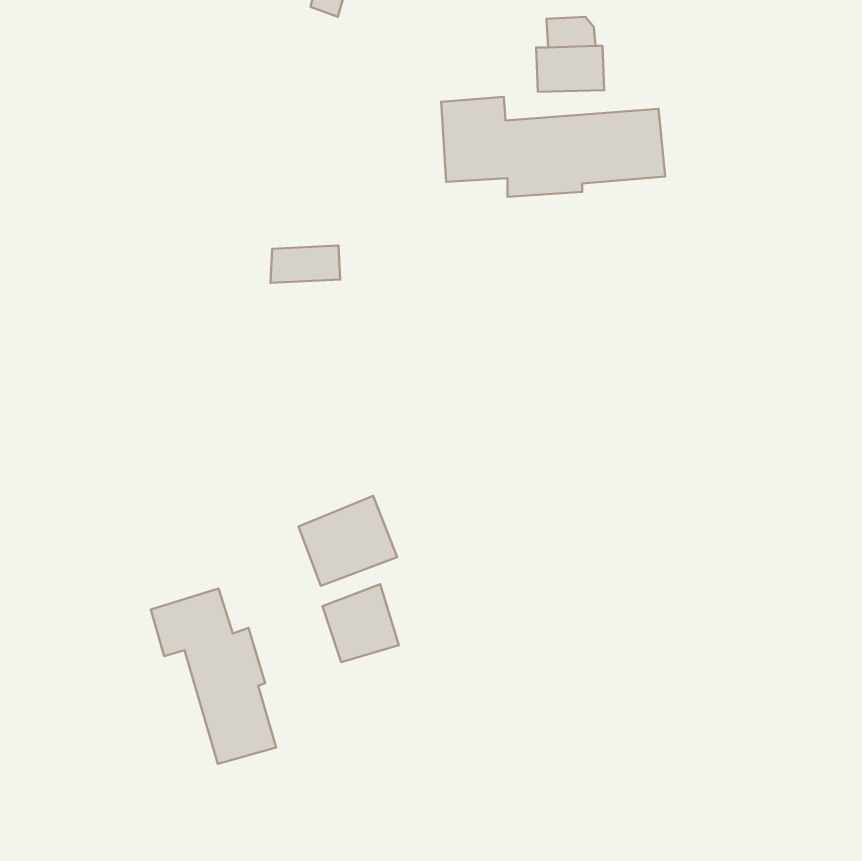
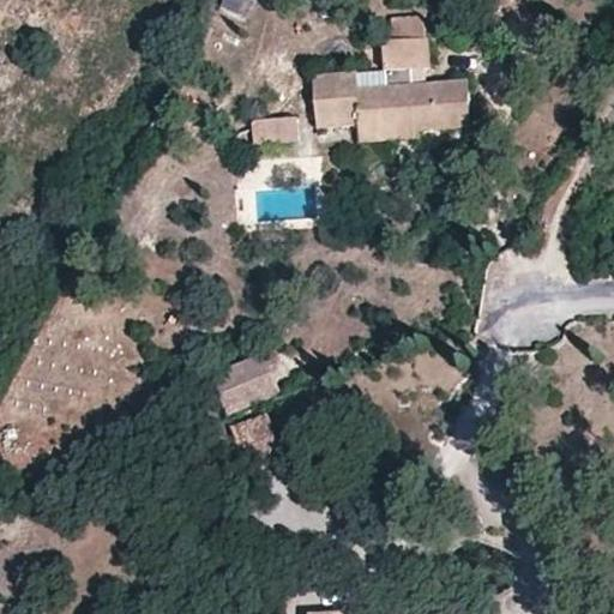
building: [270,245,340,283] -> [248,116,297,143]
building: [151,589,276,764] -> none

